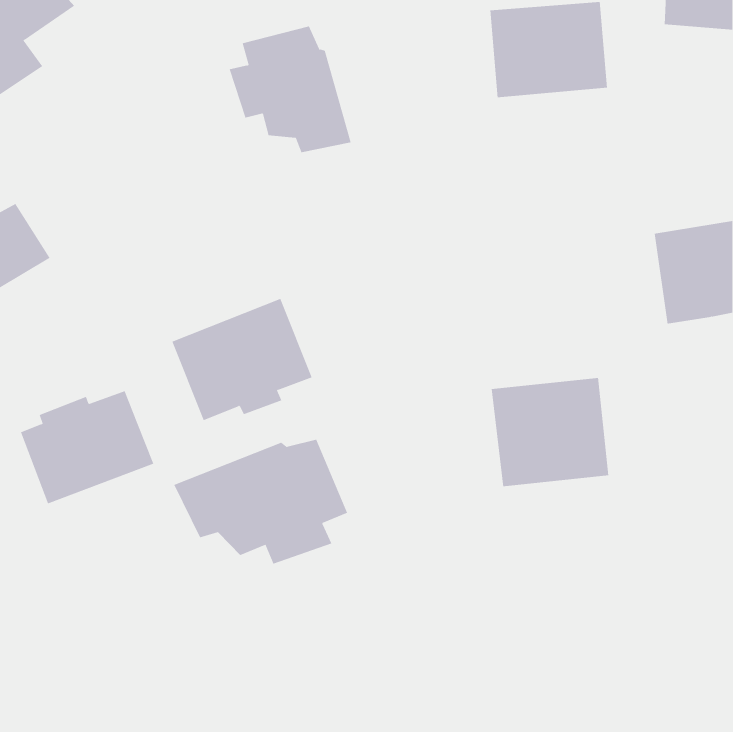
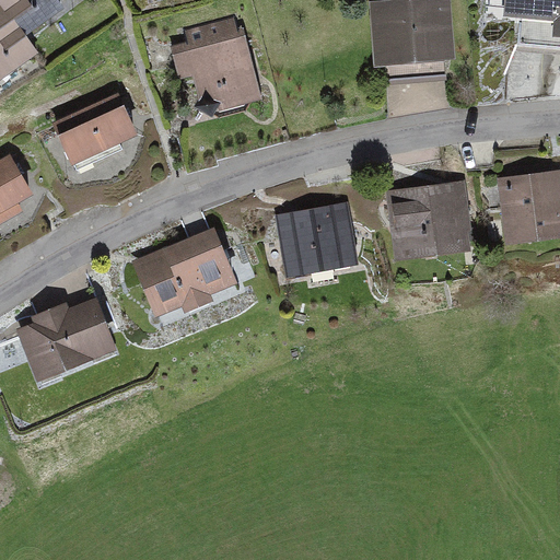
building: none -> [46,92,131,167]
building: none -> [272,199,360,279]
building: [491,377,609,487] -> [386,179,476,262]
building: [174,439,348,565] -> none

